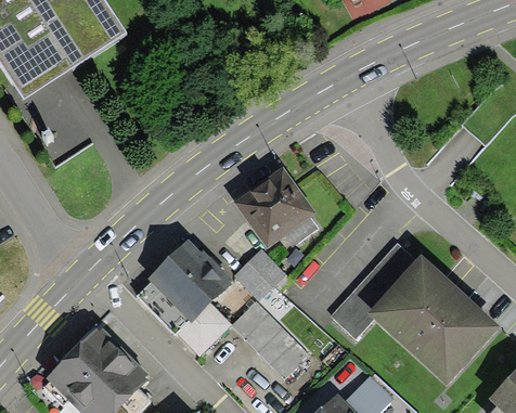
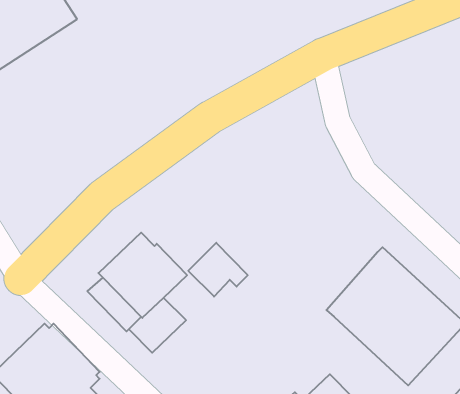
building: [233,167,315,248] -> none
building: [331,242,416,339] -> none
building: [232,301,309,379] -> none

